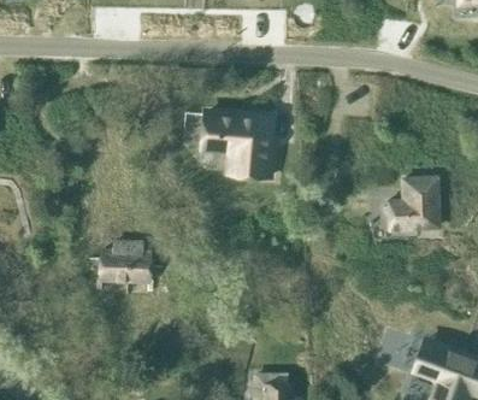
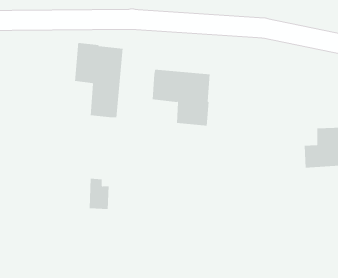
building: none -> [75,42,123,118]
building: [101,242,126,280] -> none

